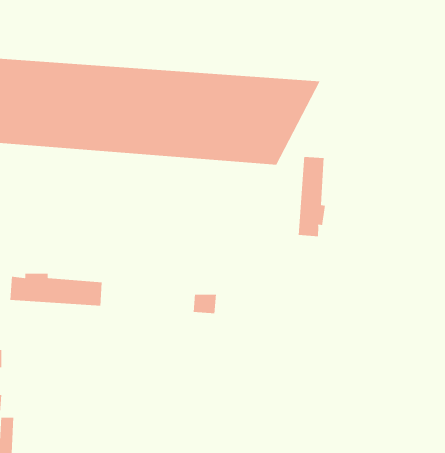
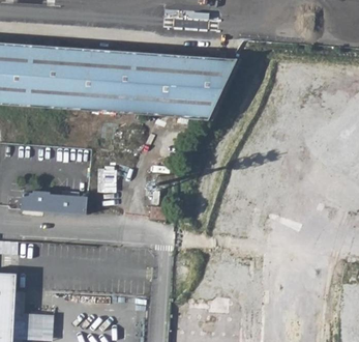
building: [298,156,325,237] -> none

